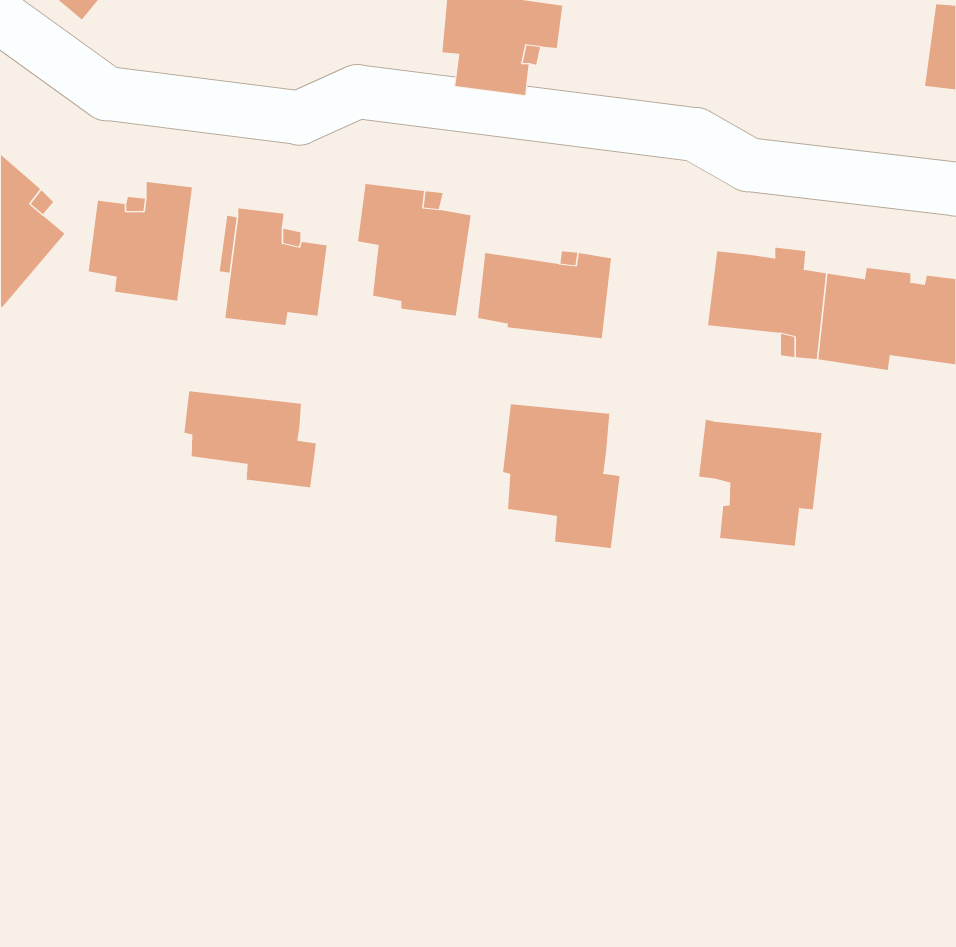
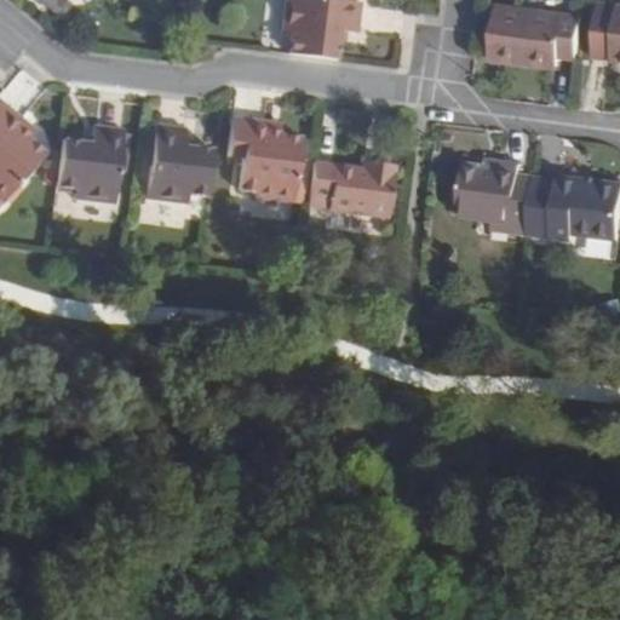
building: none -> [494,5,586,64]
building: [184,391,317,488] -> none
building: [503,404,620,549] -> none
building: [699,419,822,546] -> none

